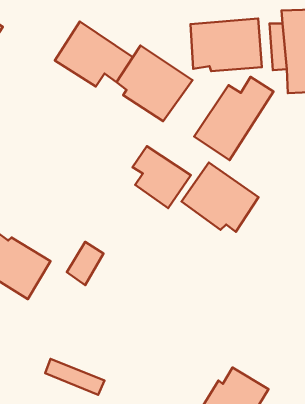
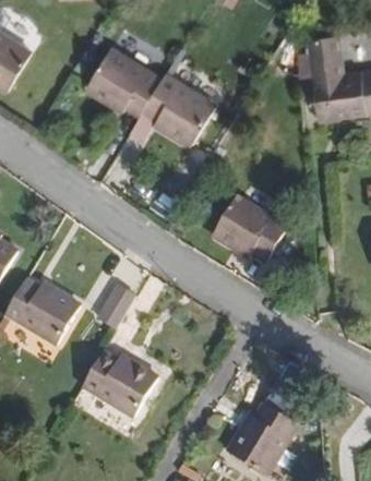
building: [190,18,262,71] -> none
building: [194,77,273,160] -> none
building: [132,146,191,208] -> none
building: none -> [79,339,160,410]

